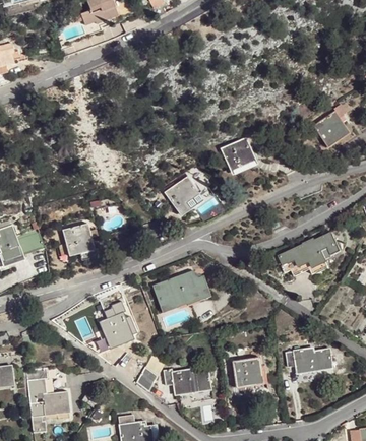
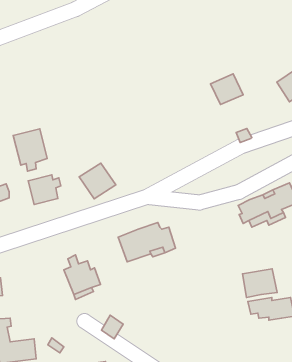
building: [220,138,253,170] -> [210,74,243,105]
building: none -> [13,129,47,171]
building: [164,178,201,214] -> [79,163,116,199]
building: [234,357,269,386] -> [242,269,277,297]
building: [165,366,211,393] -> none

